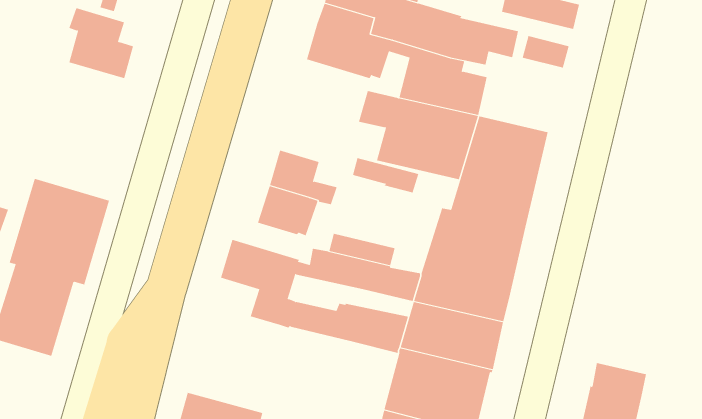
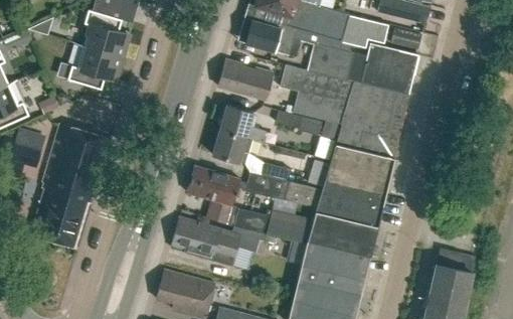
building: none -> [361,43,418,94]
building: none -> [67,46,122,89]
building: none -> [218,60,272,100]
building: none -> [171,217,275,269]

